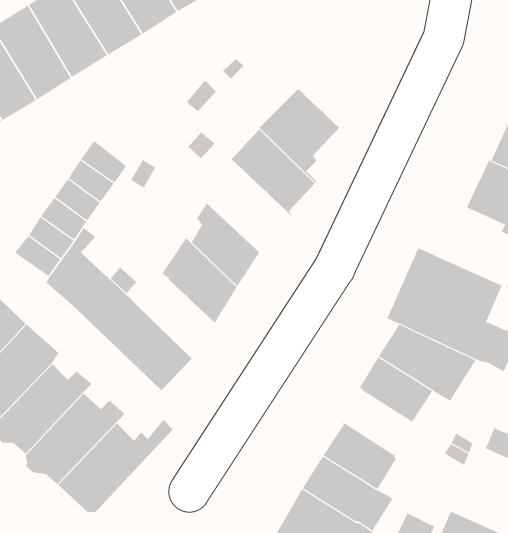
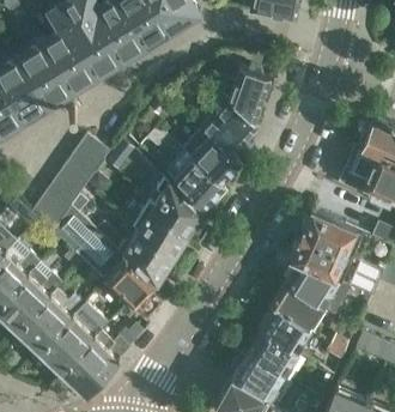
building: none -> [218,67,272,127]
building: none -> [166,149,224,210]
building: none -> [117,231,170,286]
building: none -> [257,308,309,353]

